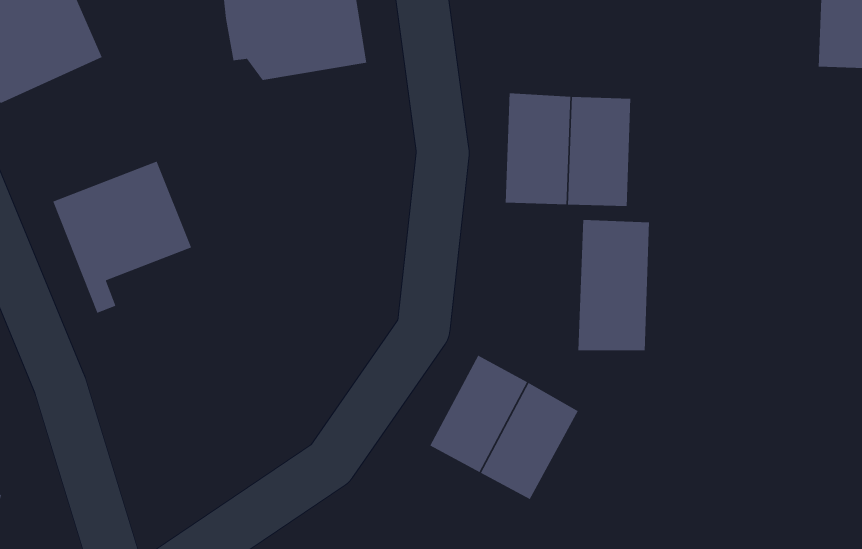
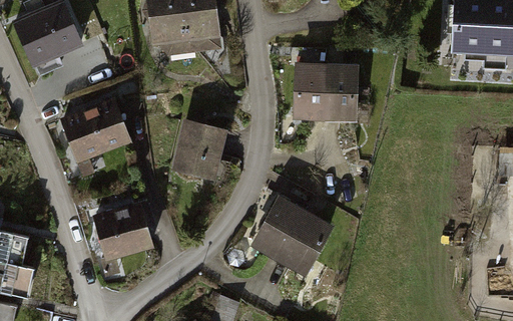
building: none -> [170,119,225,181]
building: [578,219,650,351] -> none
building: none -> [91,202,153,262]

